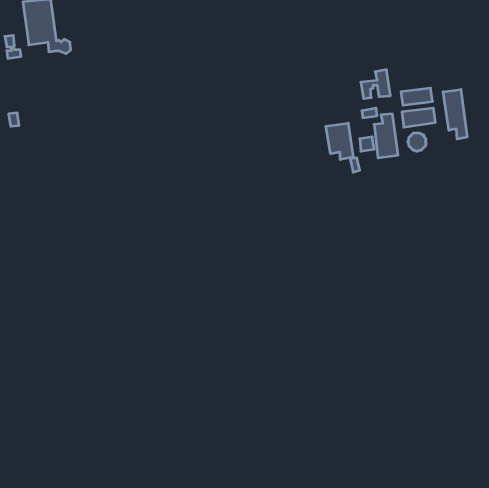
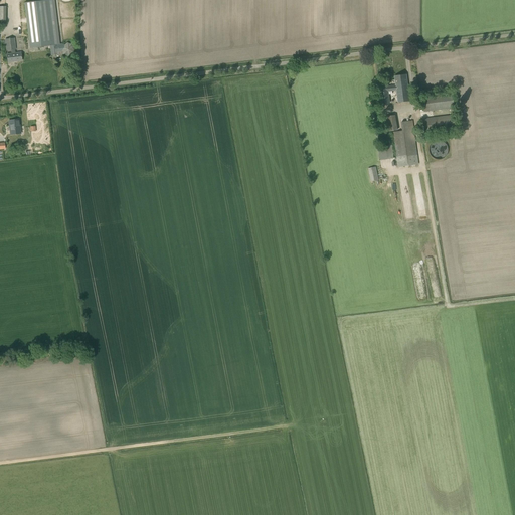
building: [443,89,467,139] -> none
building: [326,123,353,160] -> none

